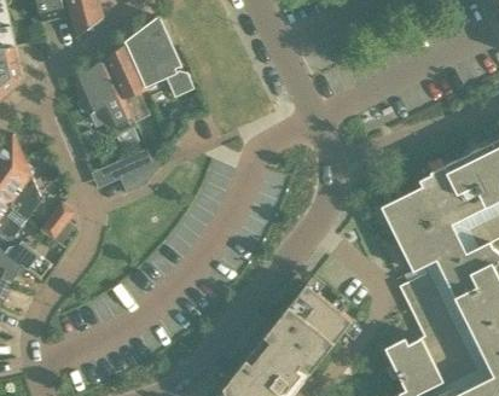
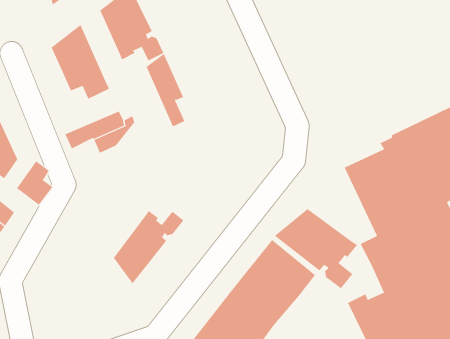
building: [108,43,149,121] -> [146,53,185,127]
building: none -> [274,208,358,289]
building: none -> [113,210,184,284]

